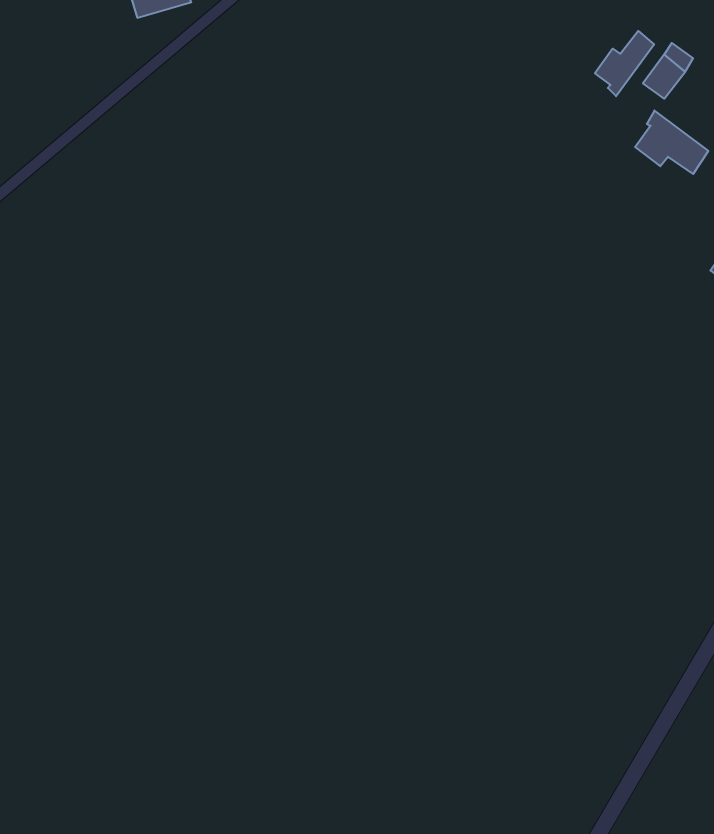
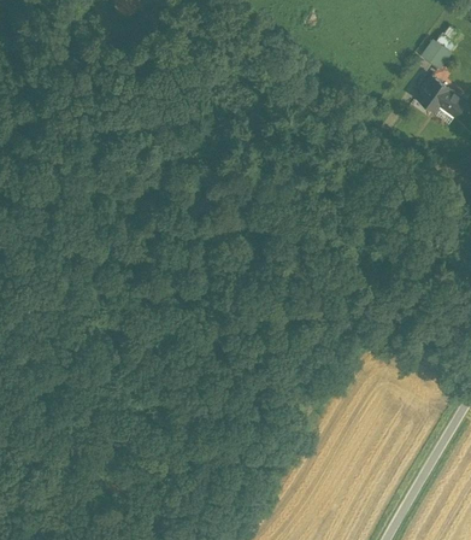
building: [595,31,654,96] -> none

